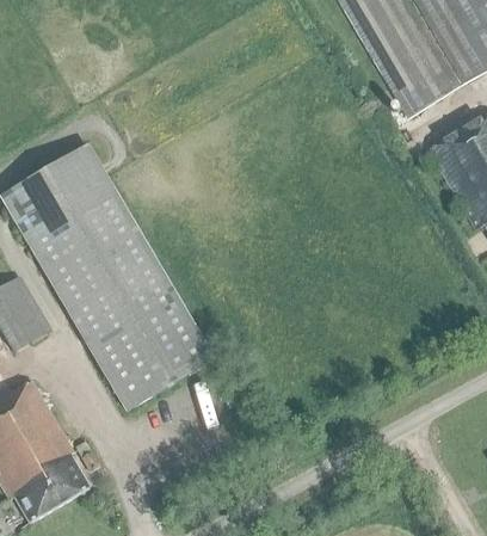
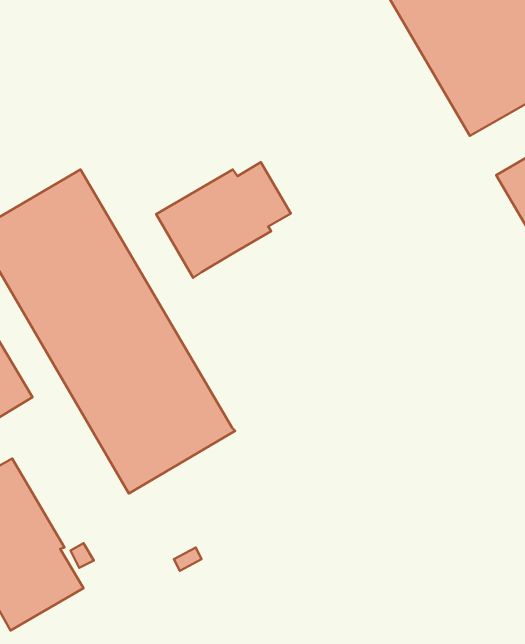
building: none -> [156,162,291,278]

